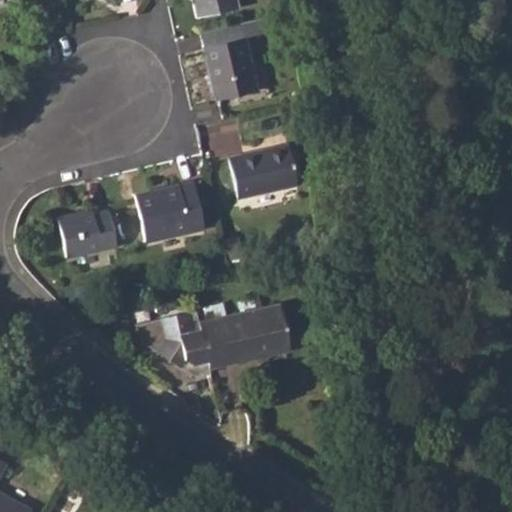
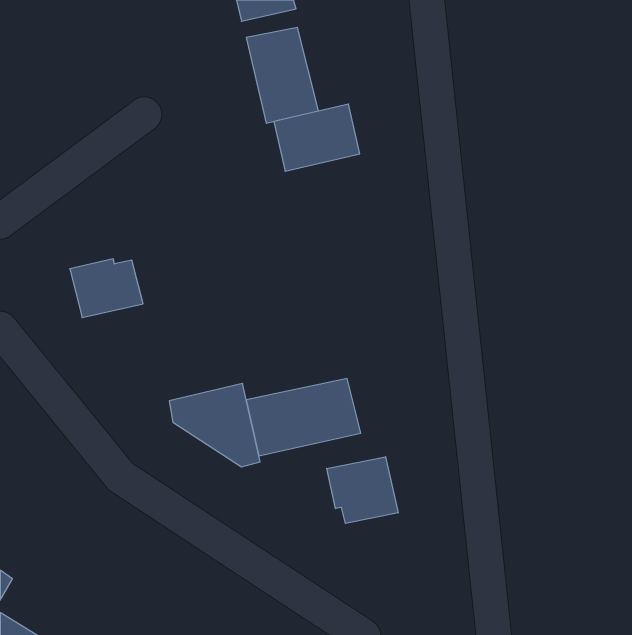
building: [230,144,299,198] -> [274,104,360,171]
building: [136,183,206,241] -> none
building: none -> [327,457,398,523]

